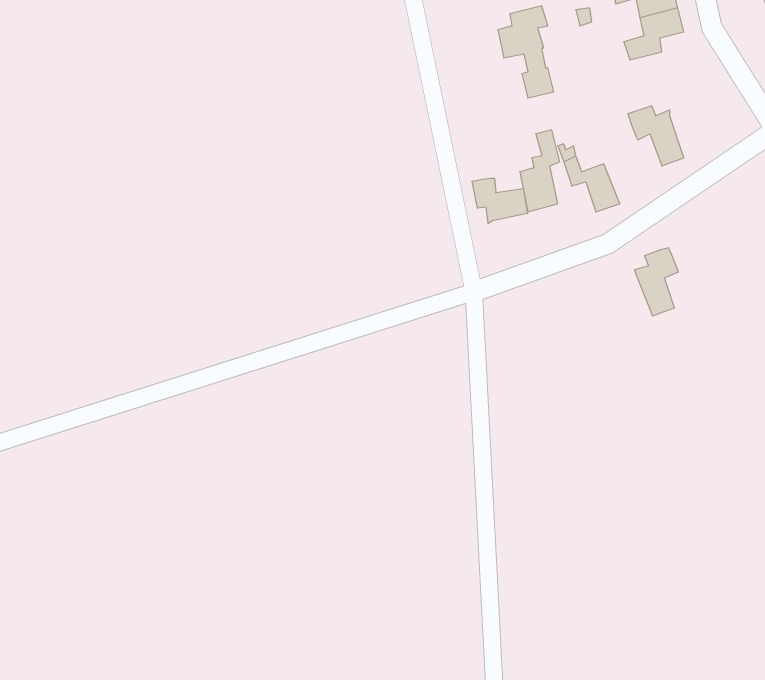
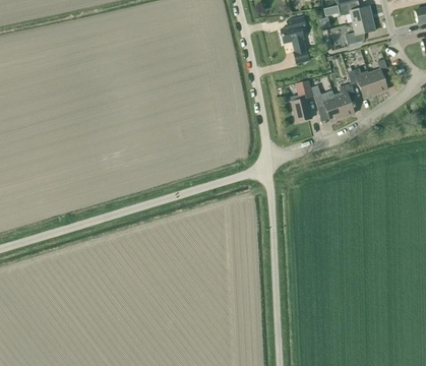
building: none -> [368,58,388,94]
building: [472,178,528,224] -> none
building: [634,248,678,316] -> [333,82,356,117]

